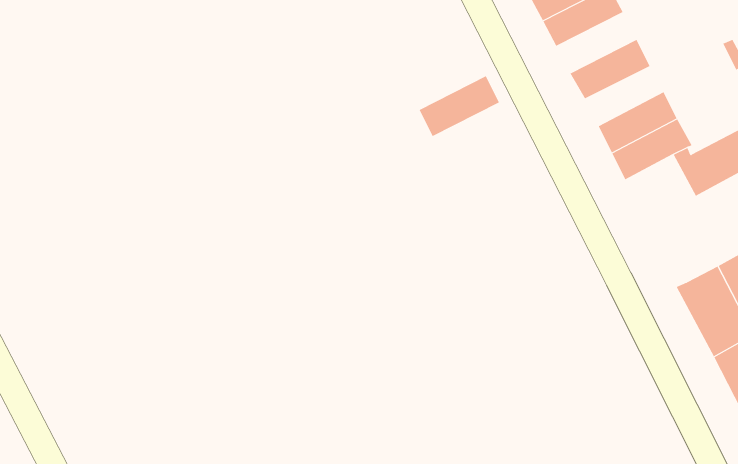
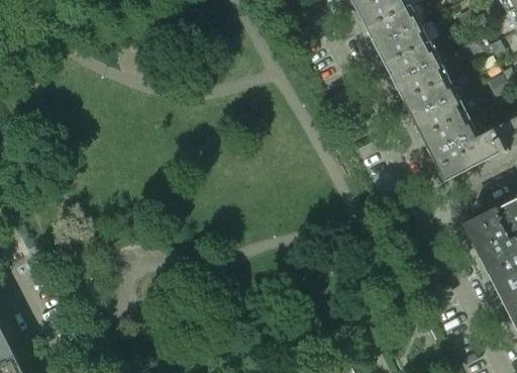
building: none -> [404,77,457,117]
building: [419,75,500,137] -> [385,40,439,82]
building: none -> [431,136,479,179]

